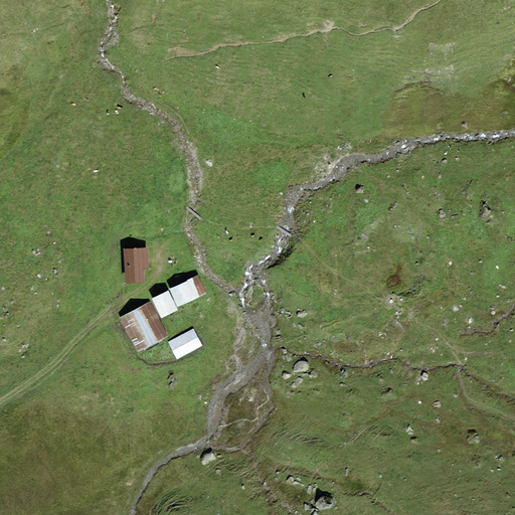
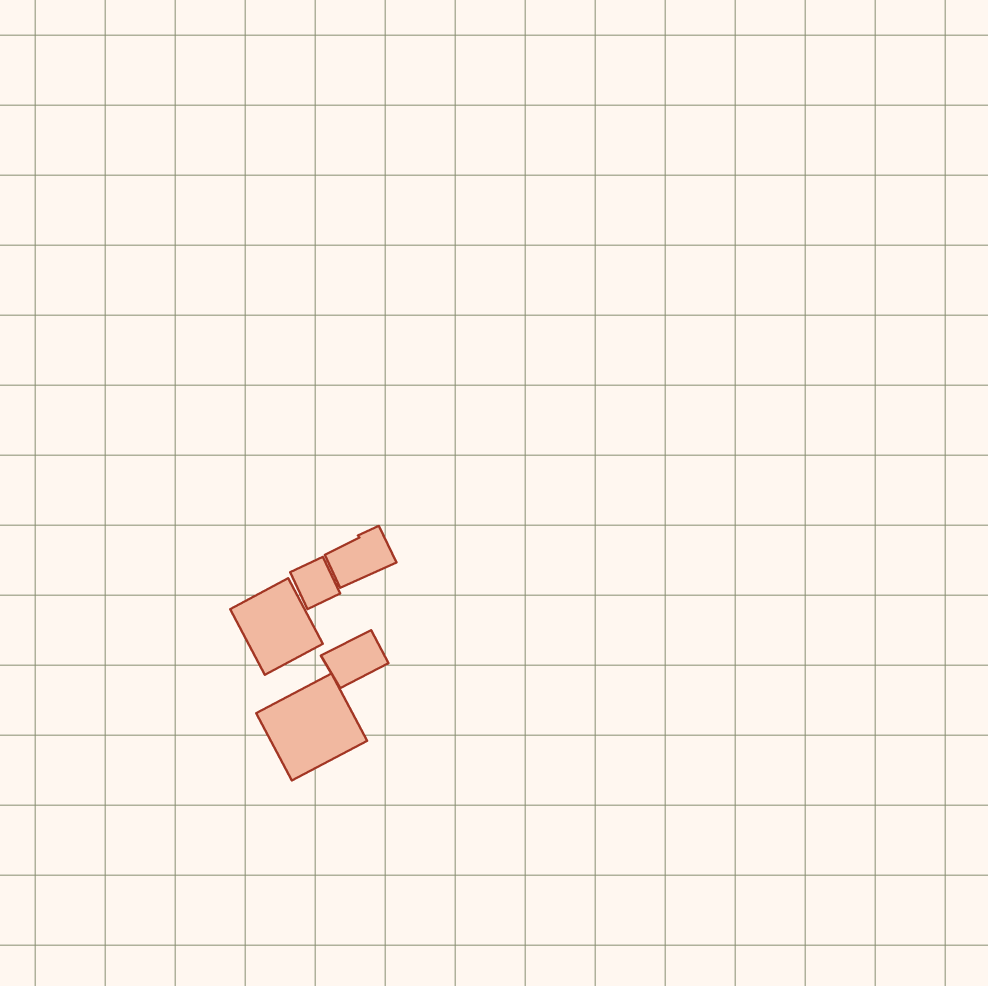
building: [123,246,148,283] -> none
building: none -> [256,673,367,781]

